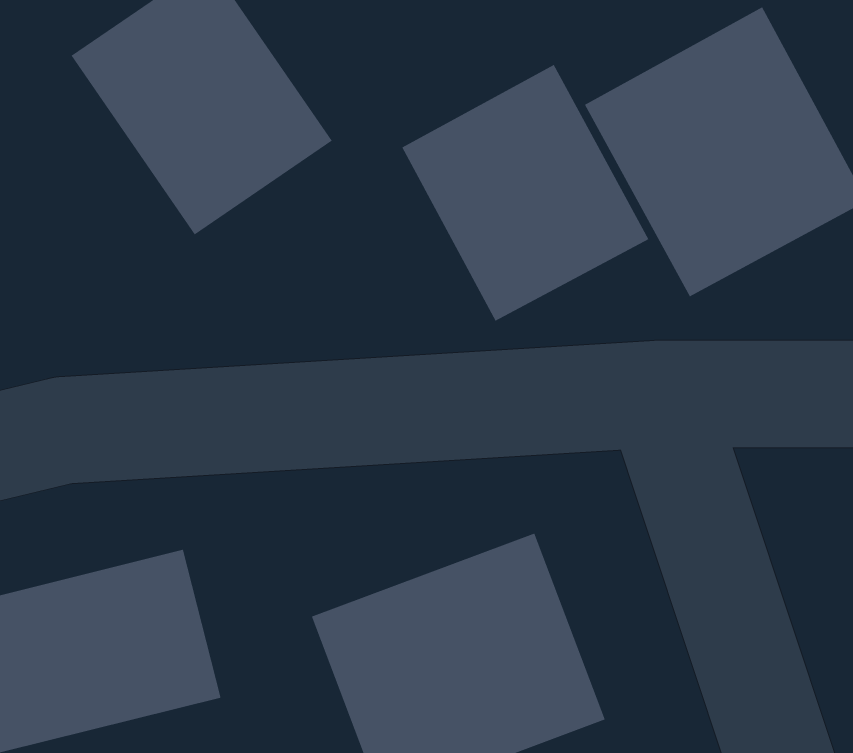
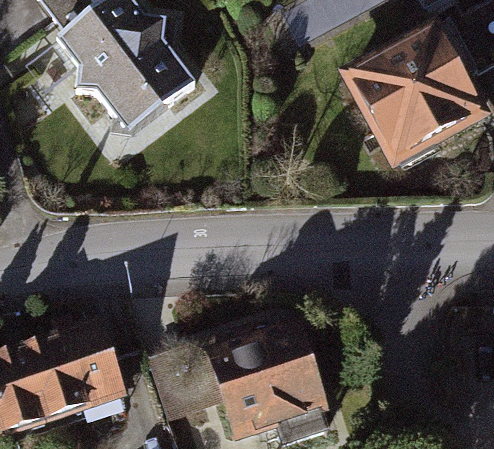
building: [401,64,649,322] -> none

